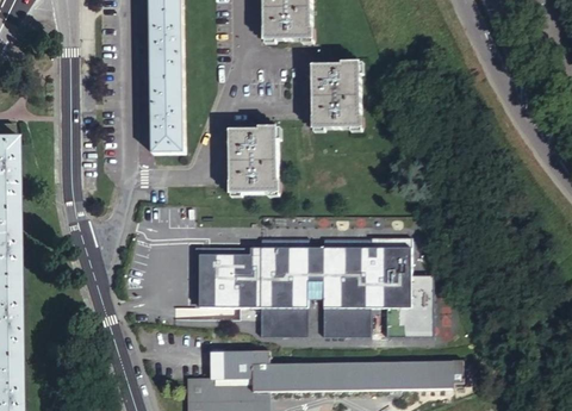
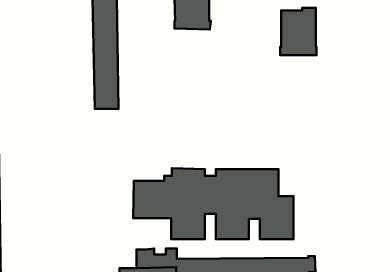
building: [313,62,365,129] -> [280,8,317,55]
building: [230,127,282,195] -> none
building: [195,248,251,307] -> none

